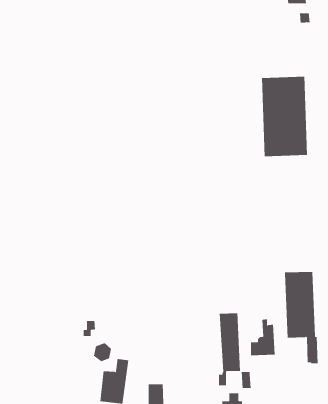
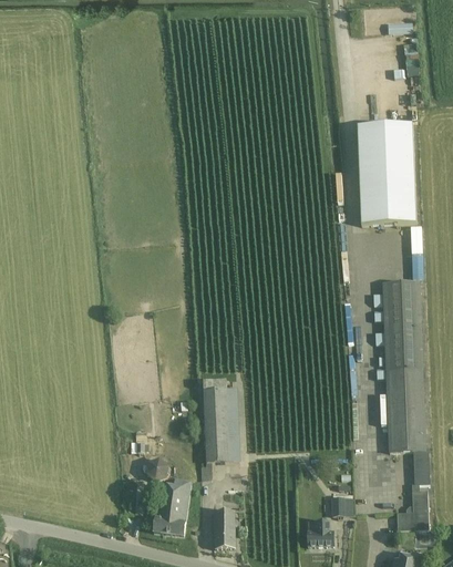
building: none -> [383,279,423,368]
building: [218,313,241,386] -> [202,386,230,478]
building: [250,319,276,356] -> [398,482,430,528]

